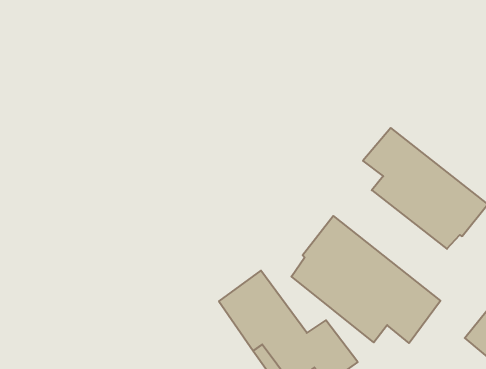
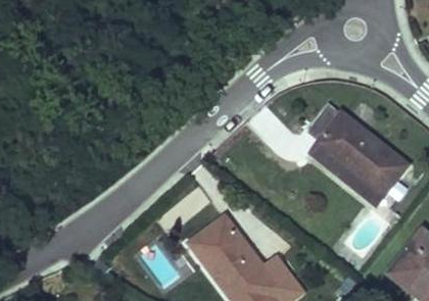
building: [291,216,440,343] -> none

